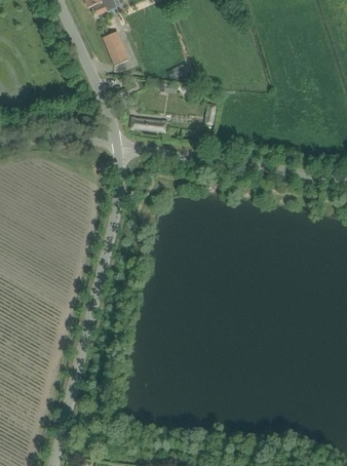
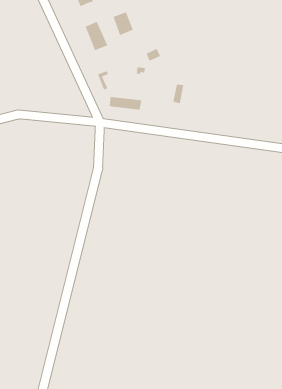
building: none -> [113,11,134,36]

